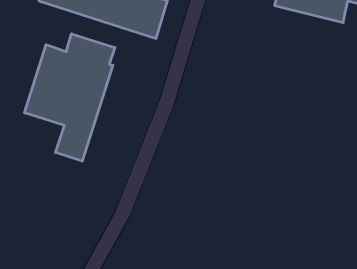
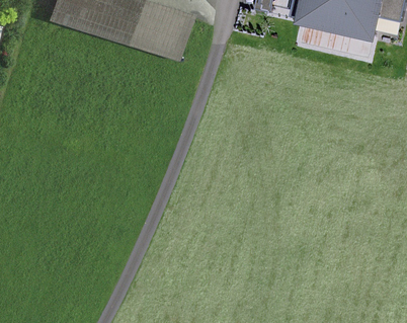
building: [25,34,115,161] -> none

